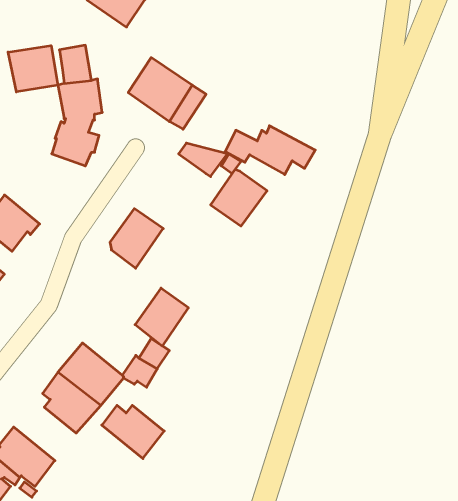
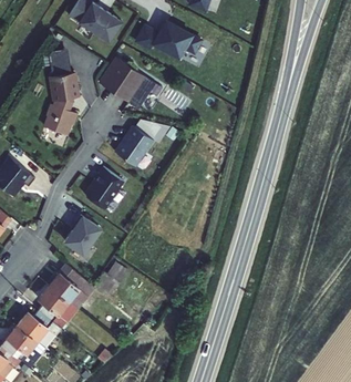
building: [8,46,58,92] -> none
building: [225,126,315,175] -> [136,23,202,59]
building: [211,170,267,226] -> [114,126,155,167]
building: [135,288,188,346] -> [63,216,102,258]
building: [102,405,164,459] -> [16,311,61,350]

